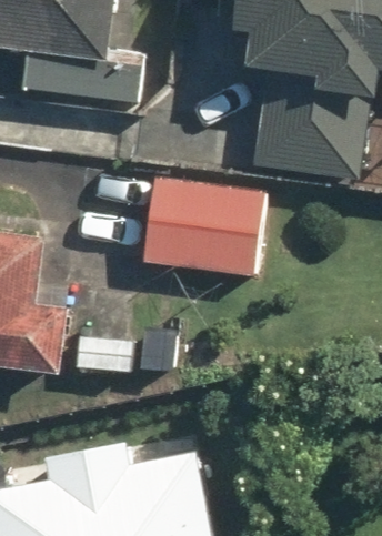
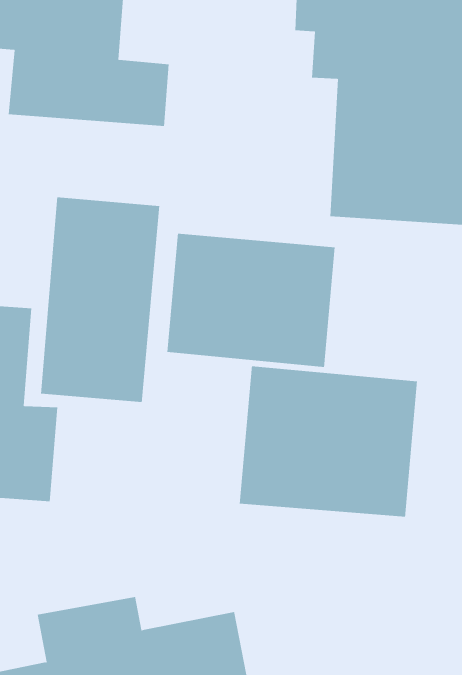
building: none -> [40,197,160,403]
building: none -> [239,366,417,518]

